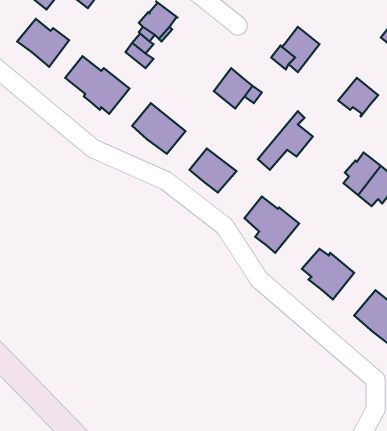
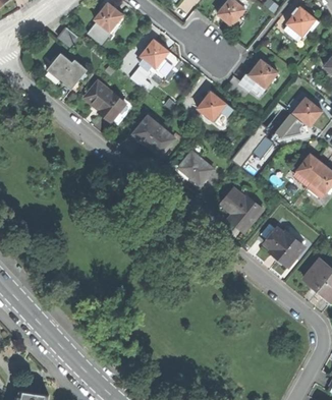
building: none -> [275,114,303,137]

